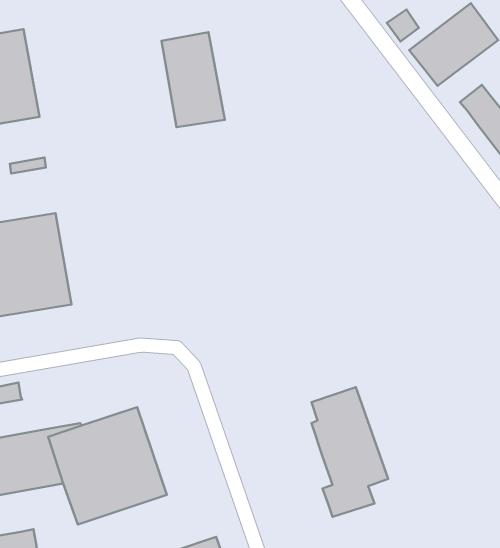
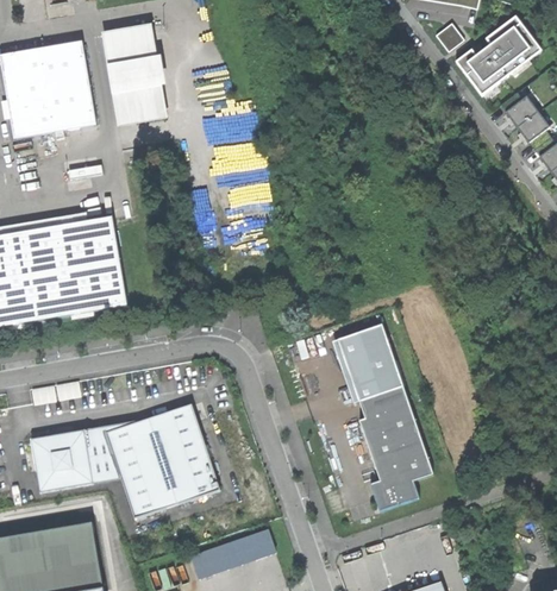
building: [162,32,225,127] -> [105,27,165,119]
building: none -> [338,323,401,398]

